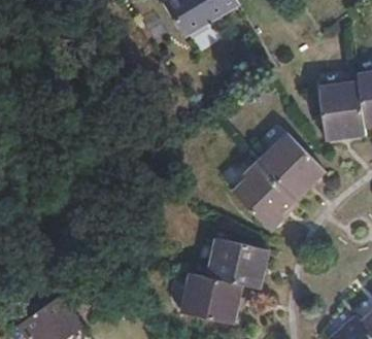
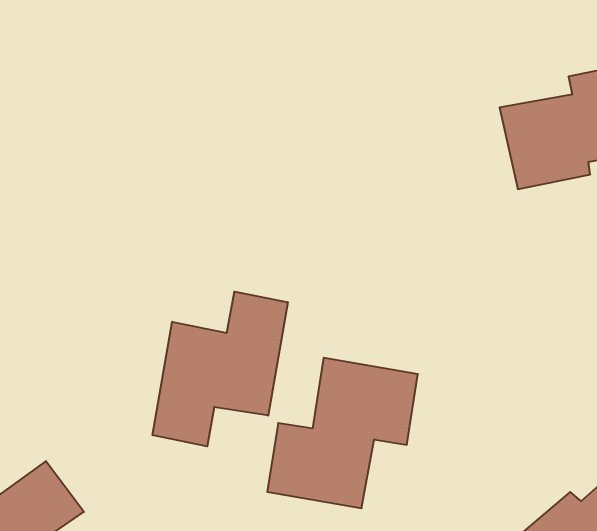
building: [232,131,325,231] -> none
building: none -> [153,292,288,446]

